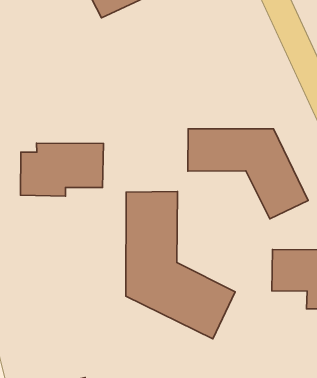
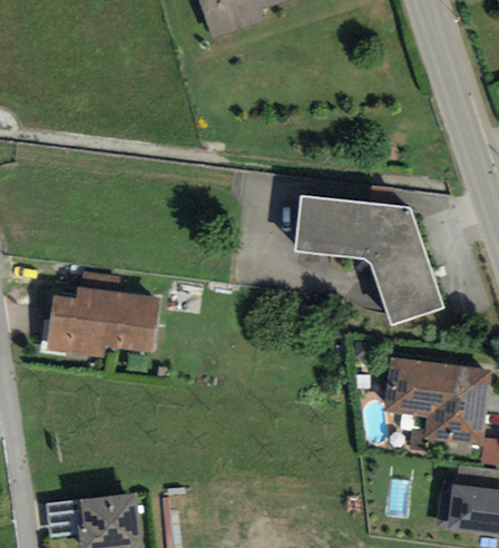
building: [21,143,103,196] -> [46,285,158,356]
building: [126,192,235,339] -> none

